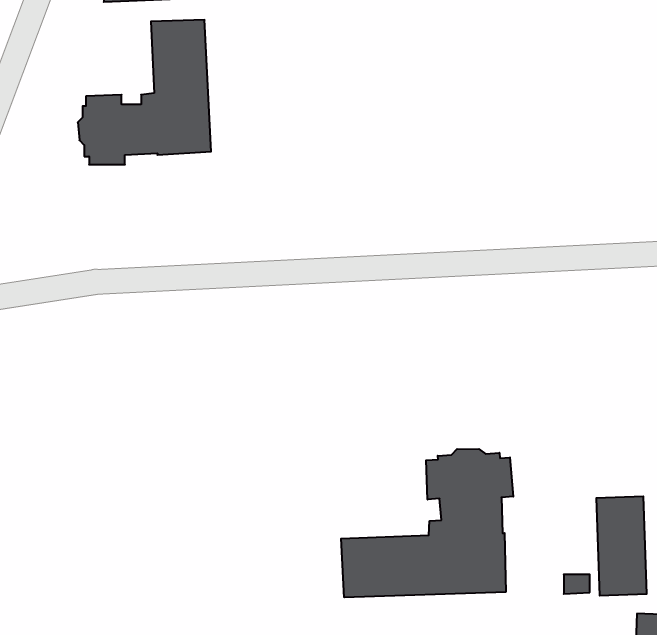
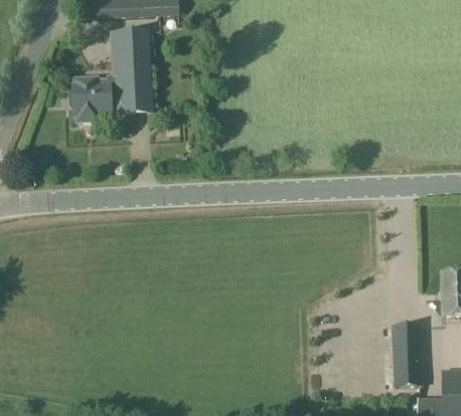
building: [341,449,513,597] -> none

